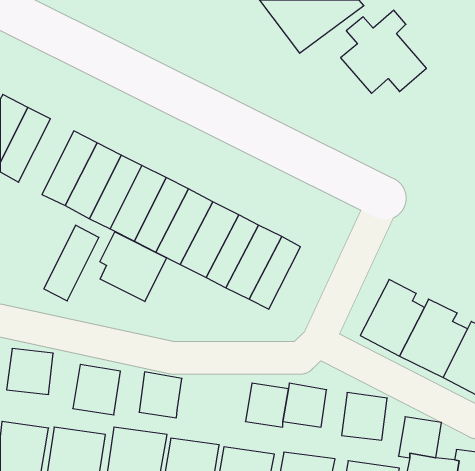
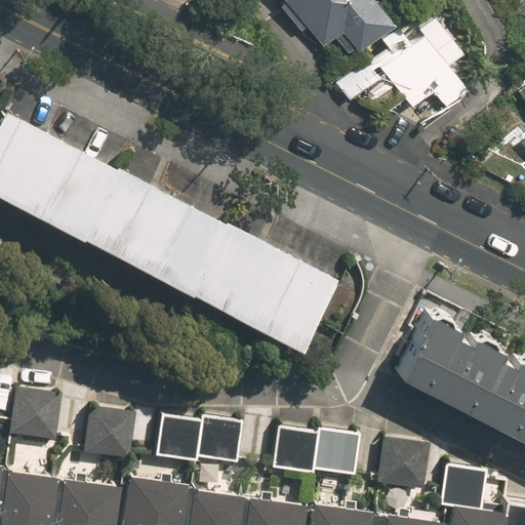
building: [44,225,99,301] -> [23,137,83,220]
building: [100,232,167,302] -> none
building: none -> [197,415,242,463]

